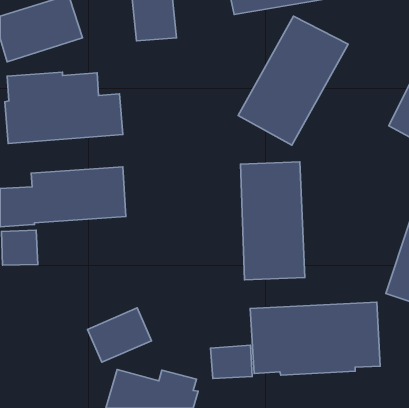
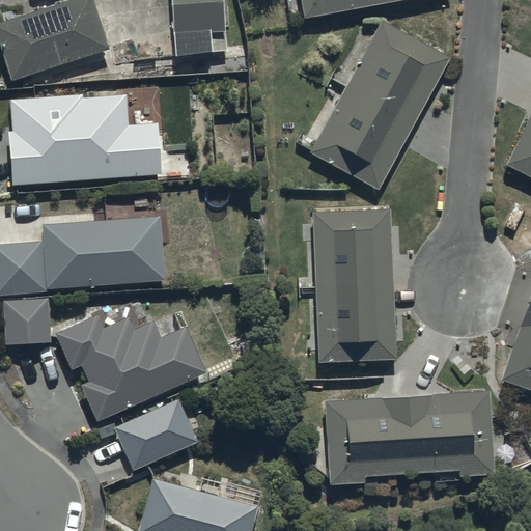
building: none -> [56,315,206,422]
building: [210,345,252,379] -> none

